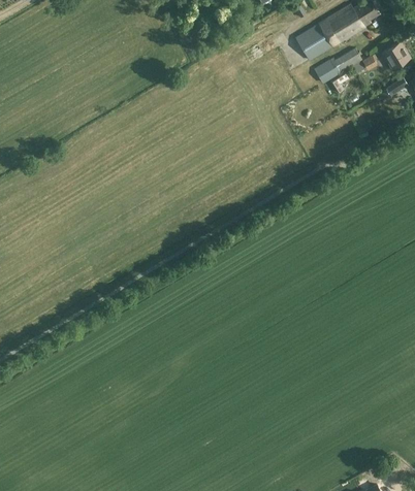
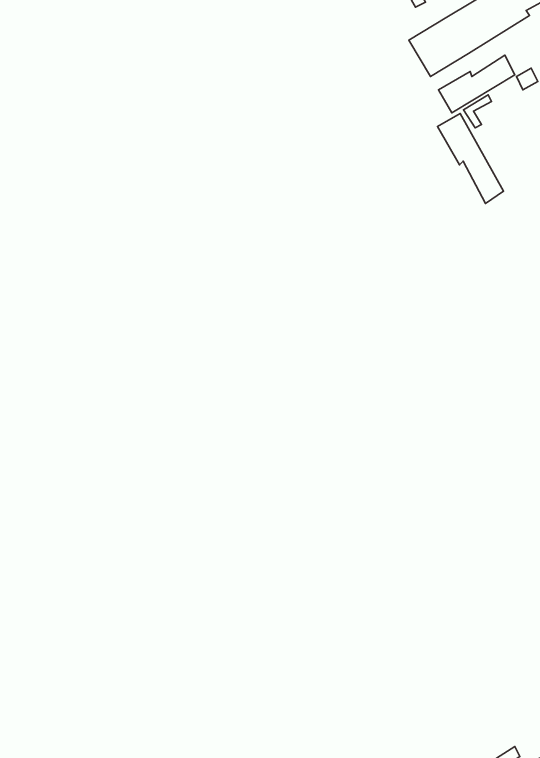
building: none -> [438,113,503,203]

